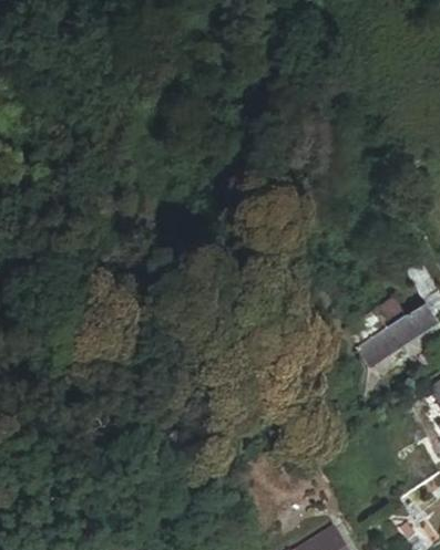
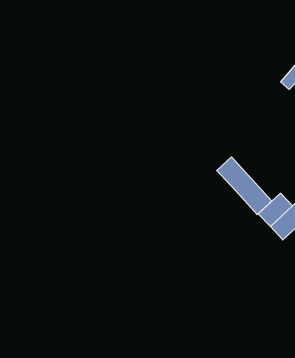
building: none -> [217,157,272,215]

